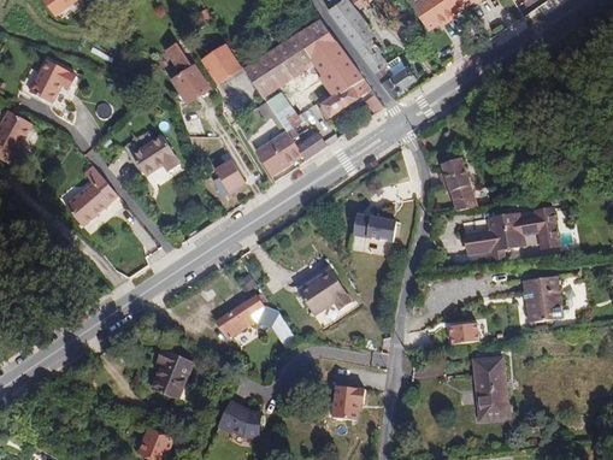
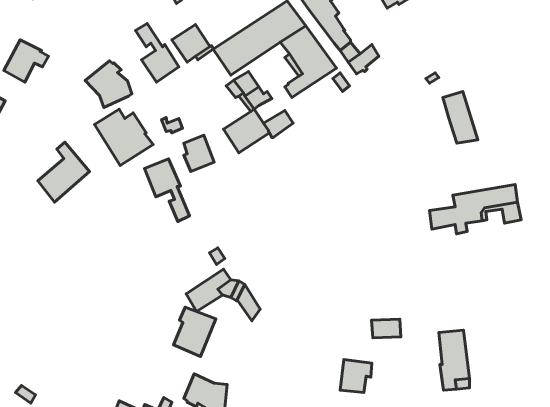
building: none -> [85,61,132,107]
building: [442,157,478,210] -> [443,91,478,143]
building: none -> [144,159,190,221]
building: [352,214,394,244] -> none
building: [296,269,352,317] -> none
building: [523,276,562,323] -> none
building: [450,323,481,342] -> [372,319,401,338]
building: [151,349,194,400] -> [174,307,216,357]
building: [331,387,364,420] -> [340,360,372,392]

